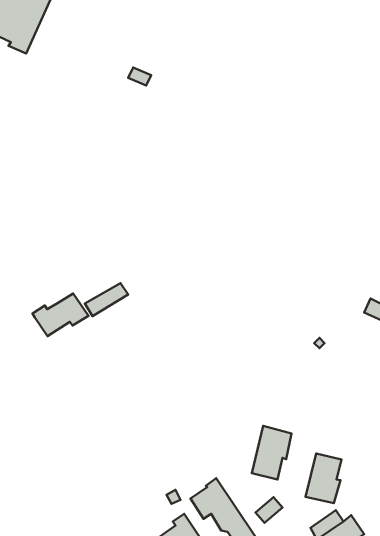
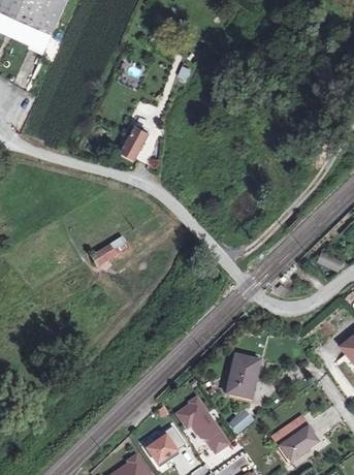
building: none -> [122,126,148,158]
building: [32,293,88,336] -> none
building: [306,454,342,503] -> none

